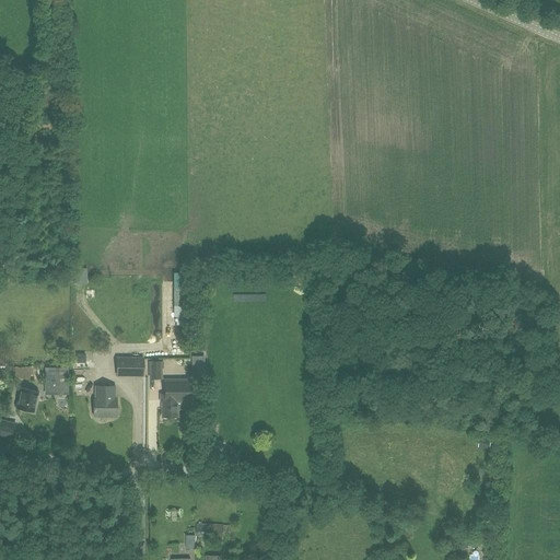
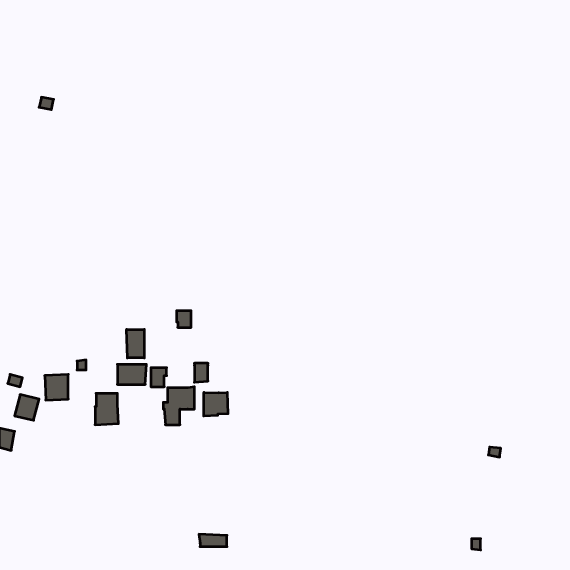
building: none -> [127,329,144,358]
building: none -> [204,392,228,416]

